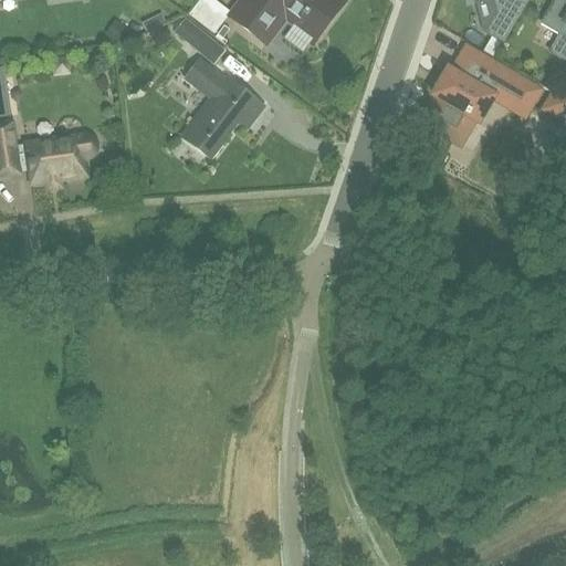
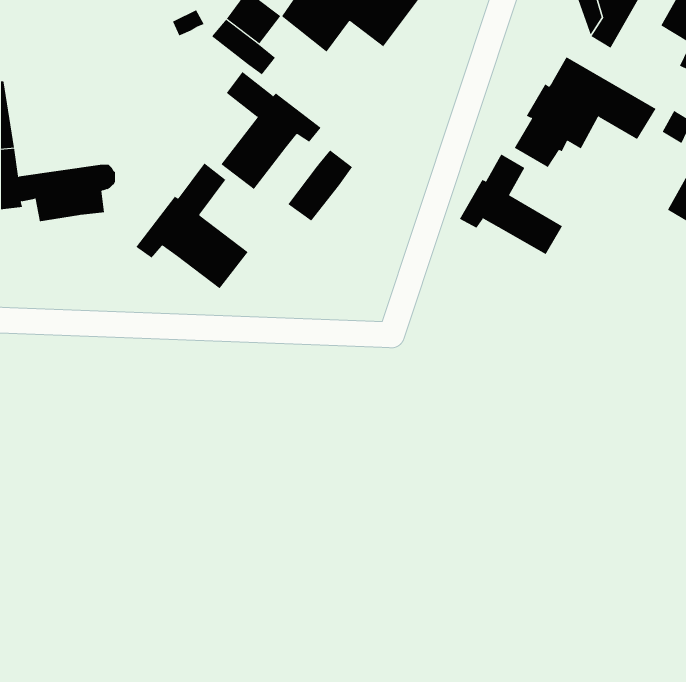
building: none -> [287,150,353,222]
building: none -> [459,153,563,255]
building: none -> [135,162,249,289]

